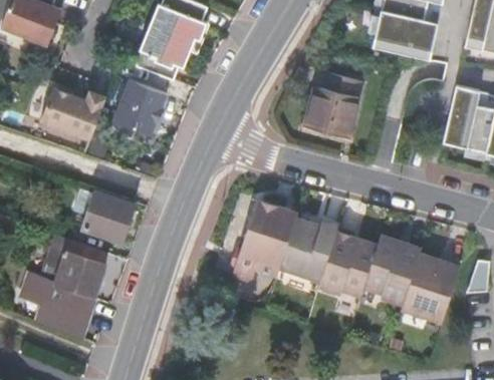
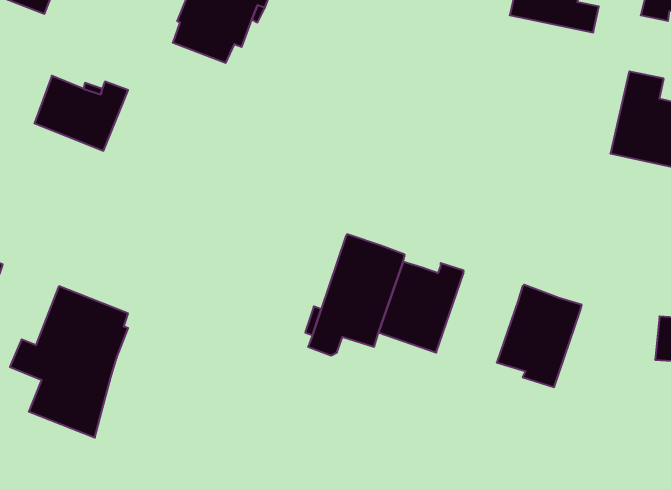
building: [306,76,359,140] -> none
building: [113,81,167,136] -> none
building: [80,193,134,248] -> none
building: [319,227,378,296] -> none
building: [402,253,460,323] -> none

